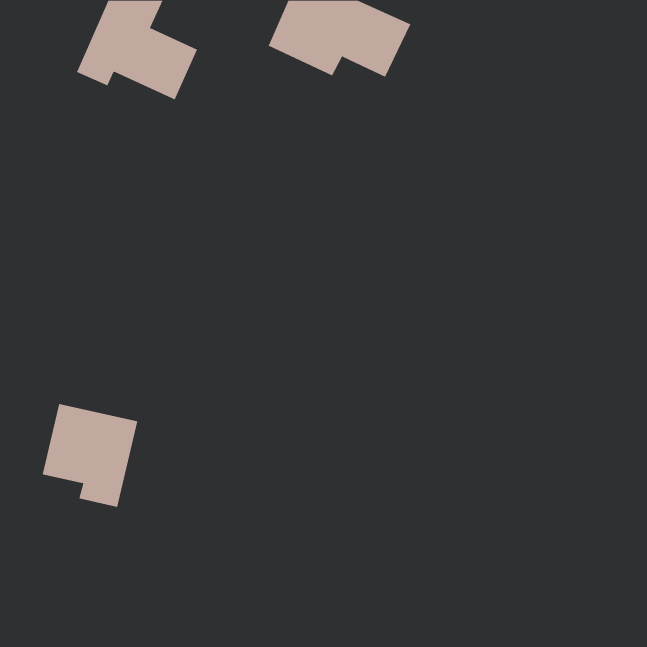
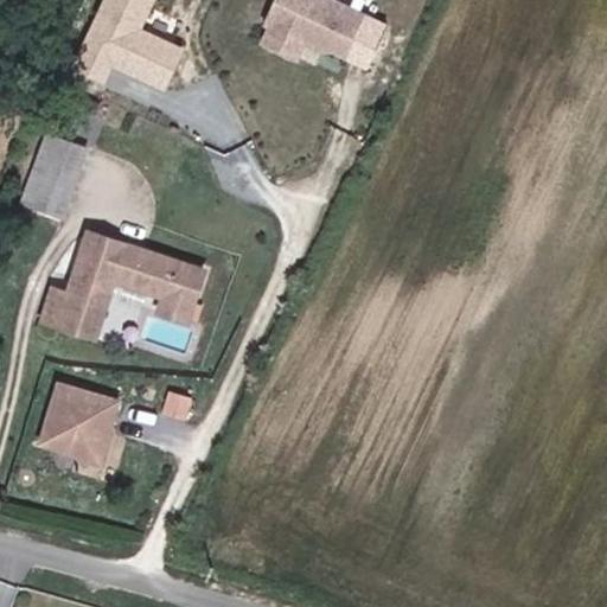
building: none -> [28,133,84,203]
building: none -> [41,232,205,330]

